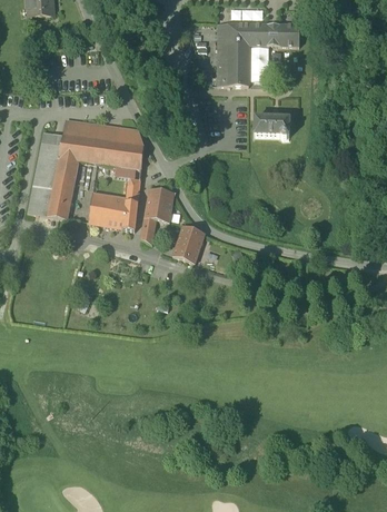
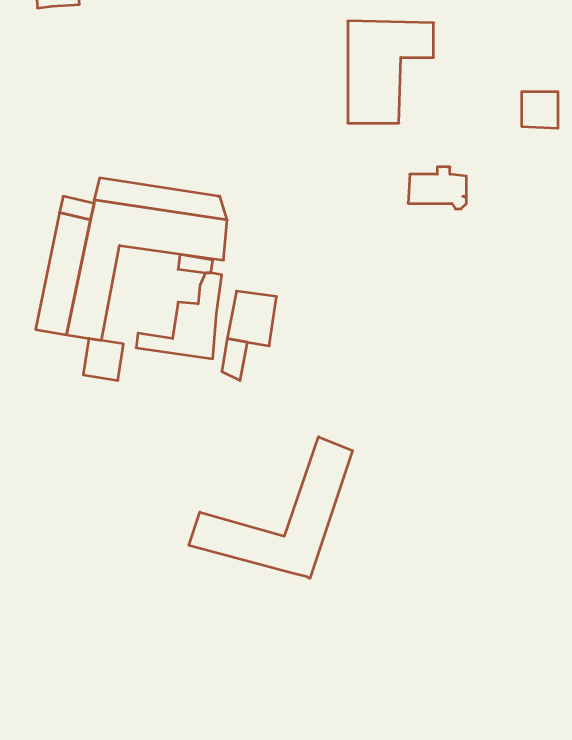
building: [278,24,300,47] -> [522,92,558,128]
building: [90,191,115,217] -> [83,338,123,380]
building: [172,225,206,263] -> none
building: none -> [189,437,353,578]

